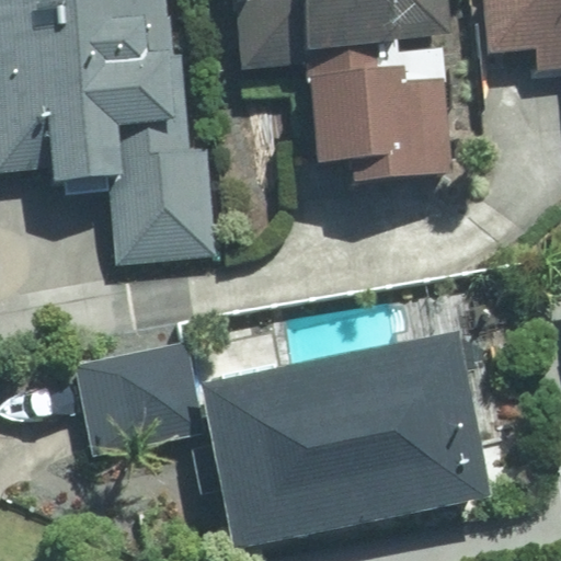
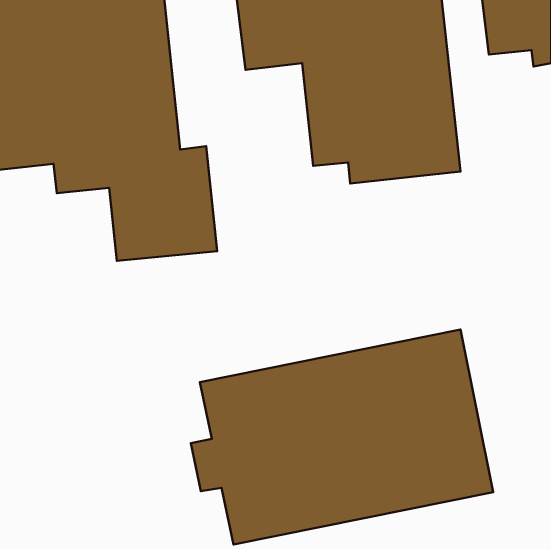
building: [73,342,203,451] -> none

